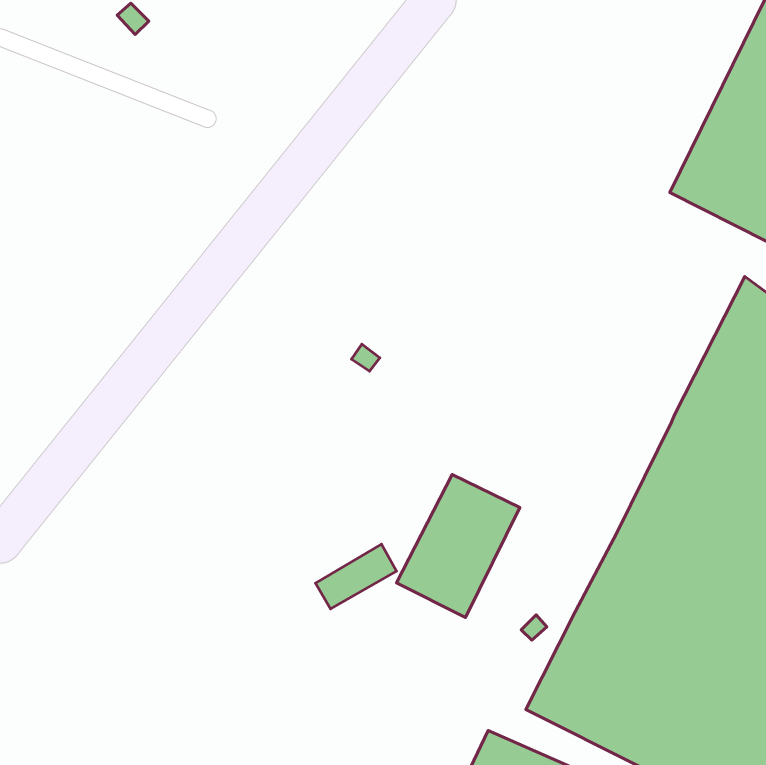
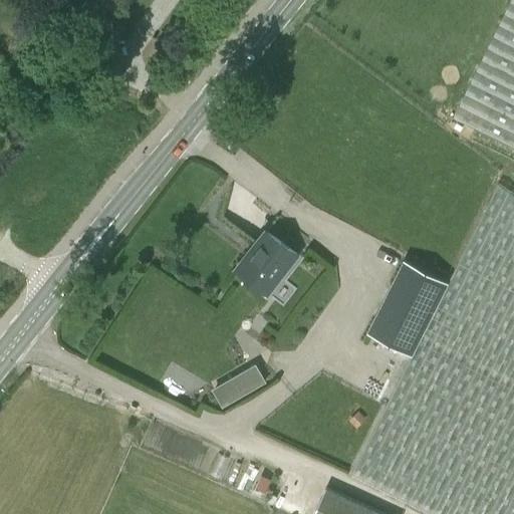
building: none -> [237,233,298,296]
building: [397,475,520,617] -> [367,262,450,357]

